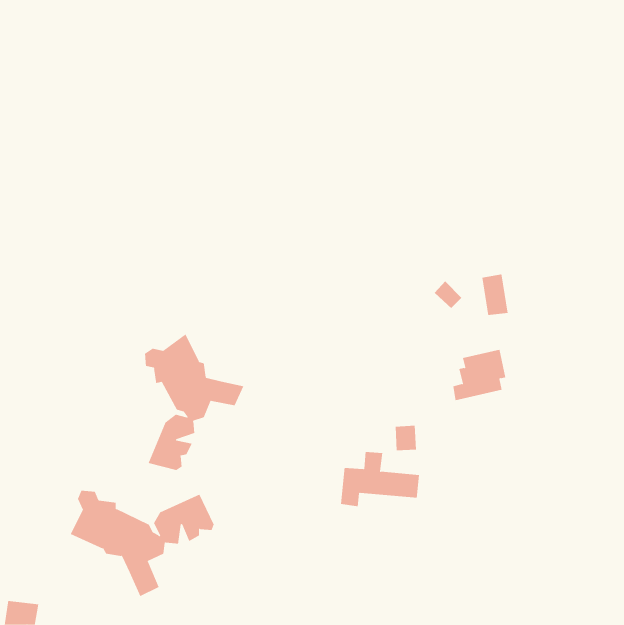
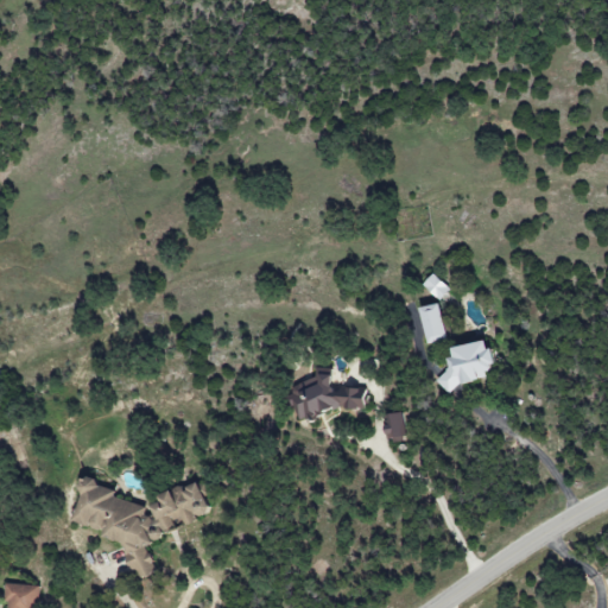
building: [481,274,508,316] -> [418,303,444,343]
building: [144,334,244,471] -> none
building: [340,452,420,507] -> [290,366,367,419]

